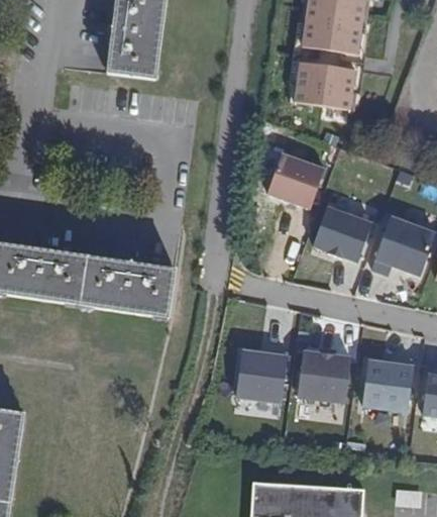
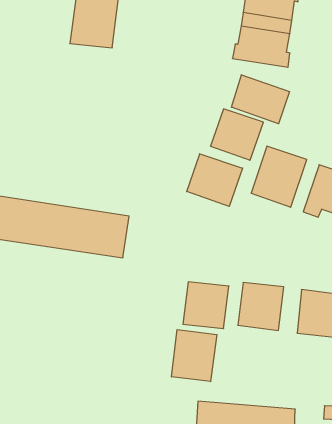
building: none -> [231,75,290,124]
building: none -> [187,154,243,206]
building: none -> [172,330,217,382]

